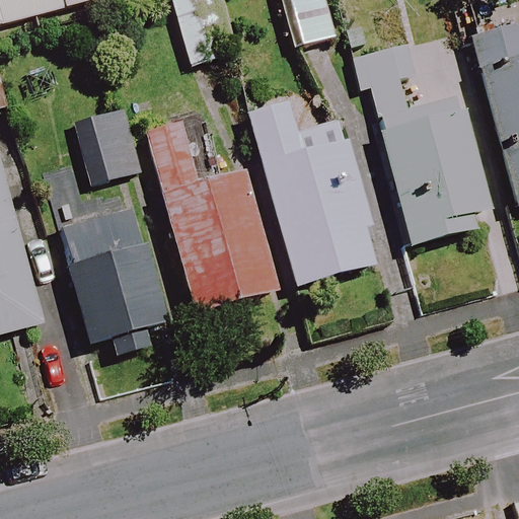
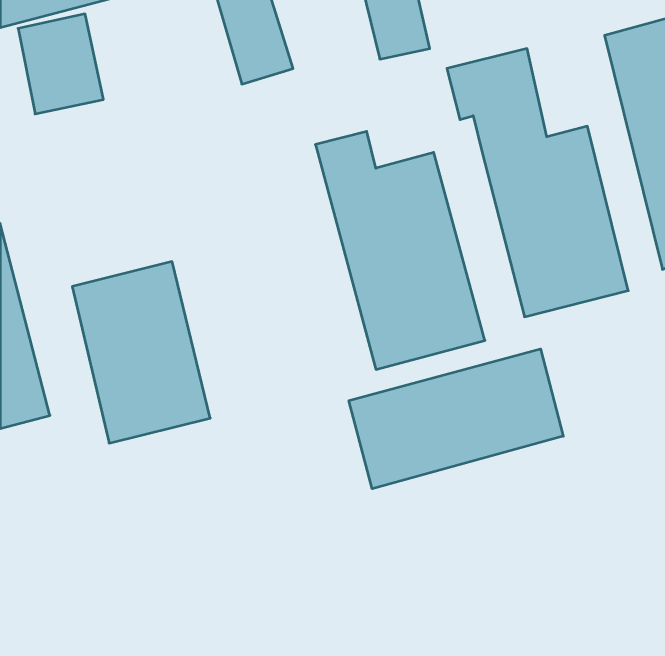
building: [76,105,142,182] -> [18,14,103,114]
building: [146,120,277,313] -> none
building: none -> [349,349,563,489]

